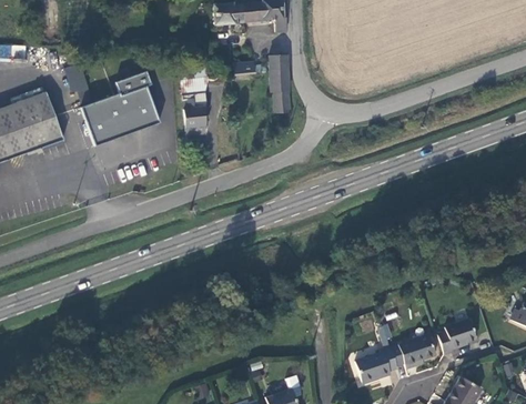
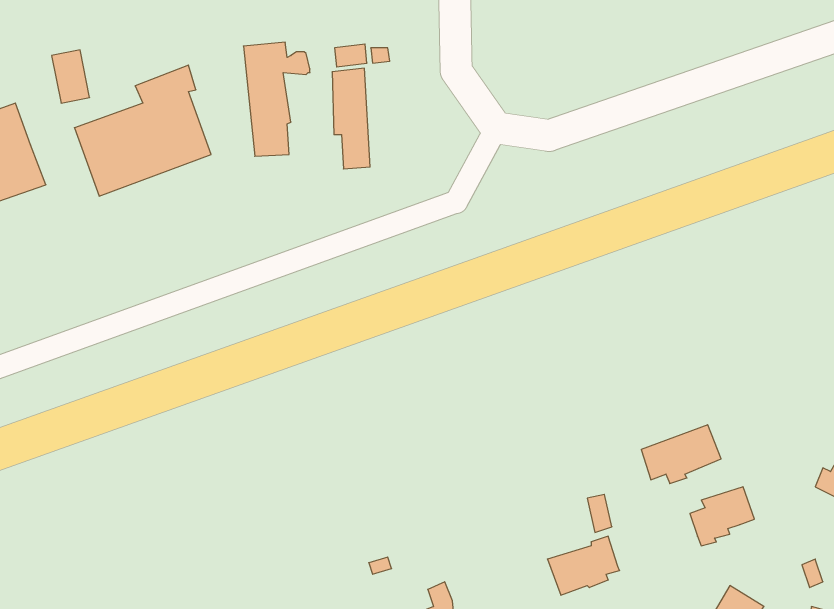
building: [266,52,289,111] -> [332,68,370,169]
building: [391,333,437,367] -> [641,425,721,484]

